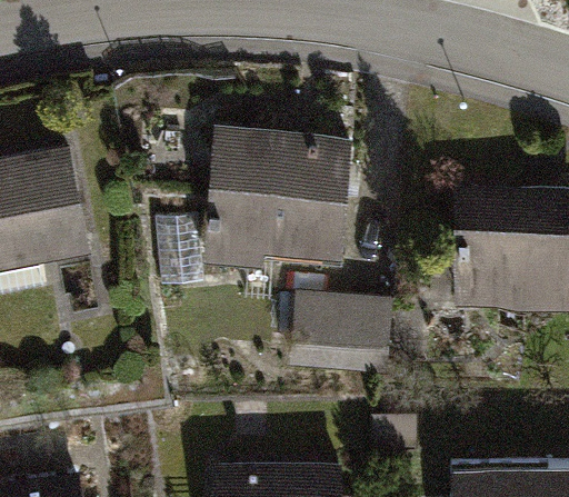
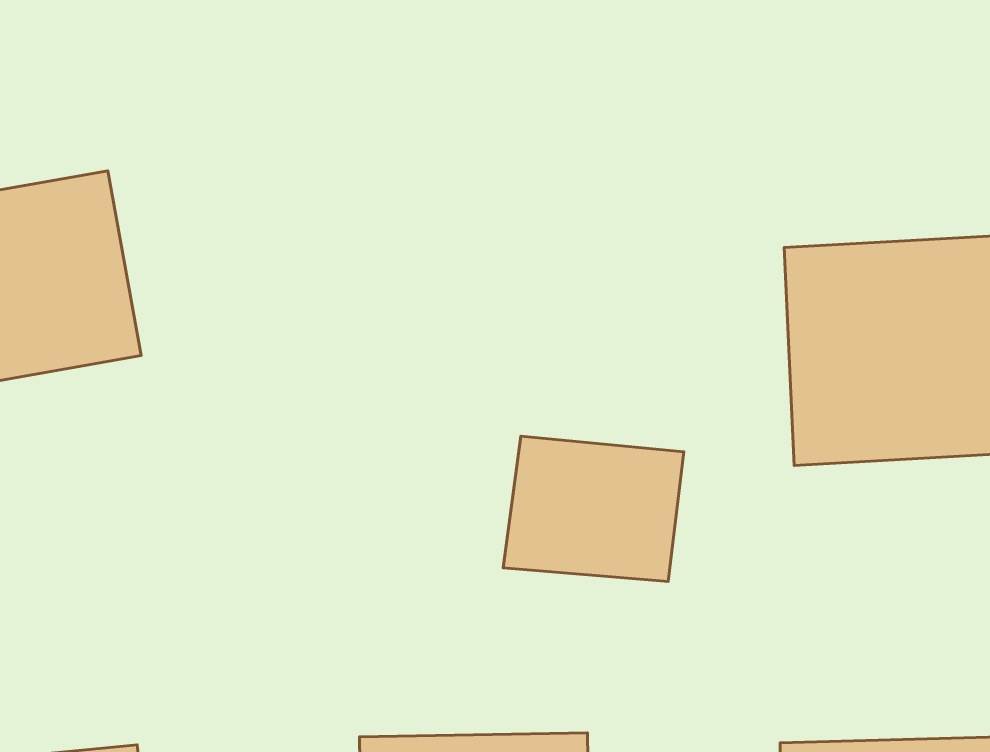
building: [201,122,352,264] -> none

